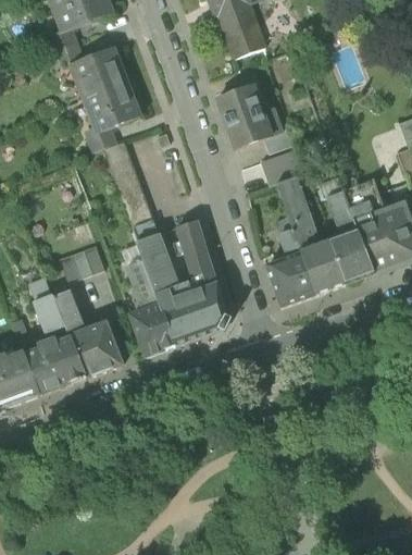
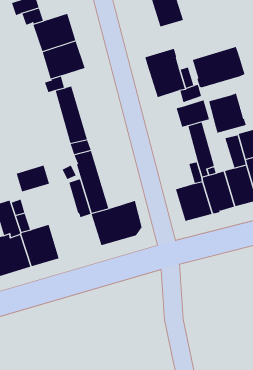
building: none -> [192,46,245,89]
building: none -> [208,93,246,134]
building: [176,219,215,289] -> none
building: [129,304,174,355] -> none

